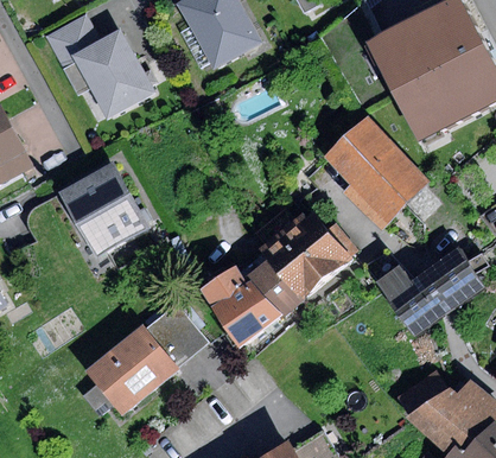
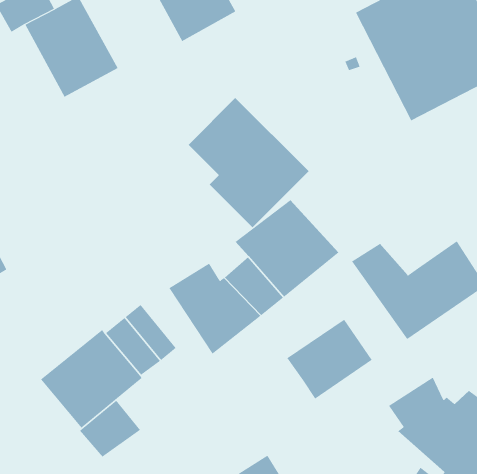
building: [323,114,432,231] -> [188,97,309,228]
building: [58,161,148,256] -> none
building: none -> [287,319,373,399]
building: none -> [79,400,141,458]

